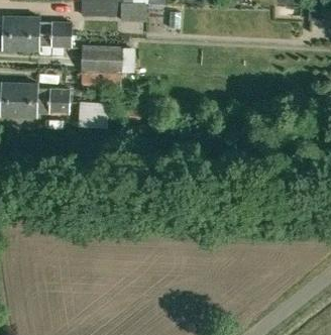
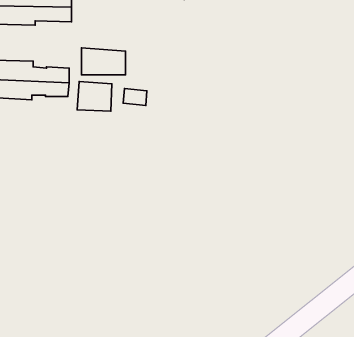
building: [81,42,122,71] -> none

